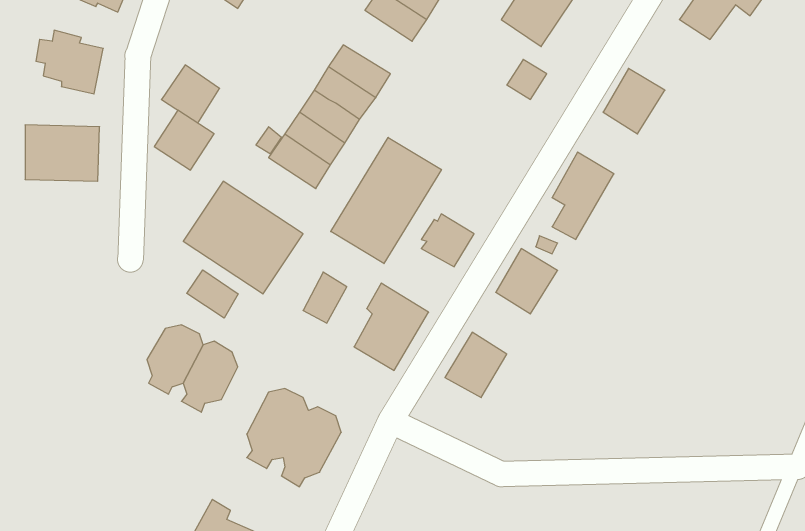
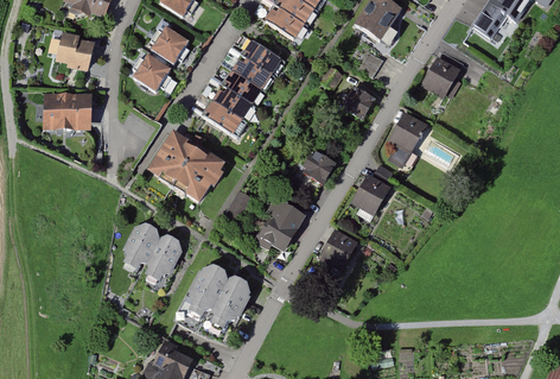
building: [154,110,214,170] -> [149,25,189,64]
building: none -> [341,87,375,121]
building: [331,137,441,264] -> none
building: [187,270,238,318] -> none

